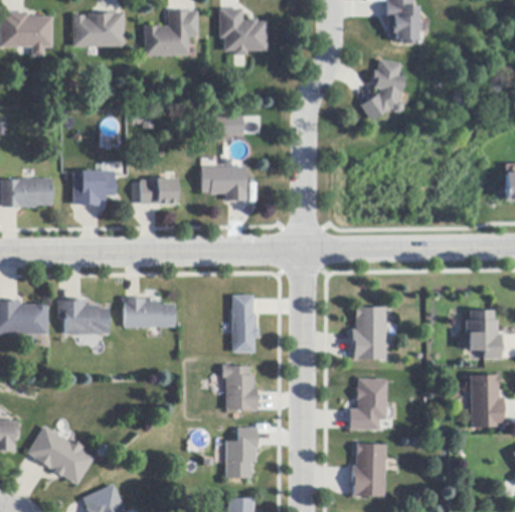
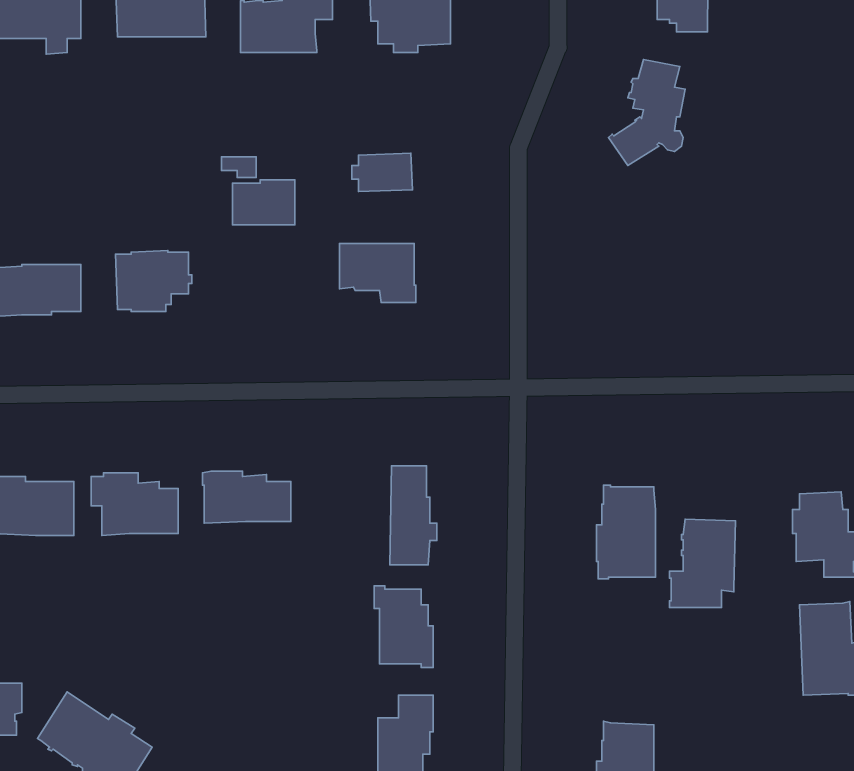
building: [141,178,177,204] -> [232,180,295,225]
building: [348,378,386,430] -> [669,519,735,608]

